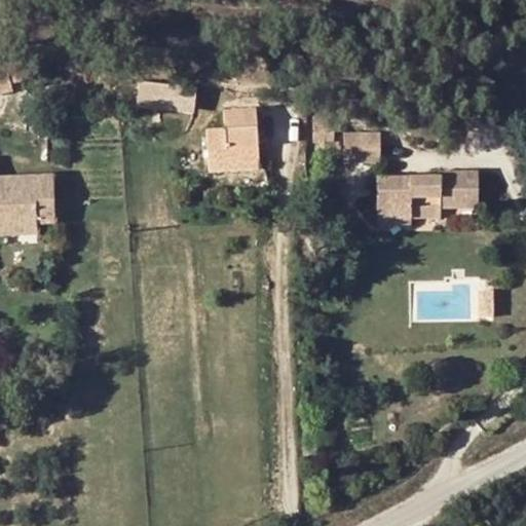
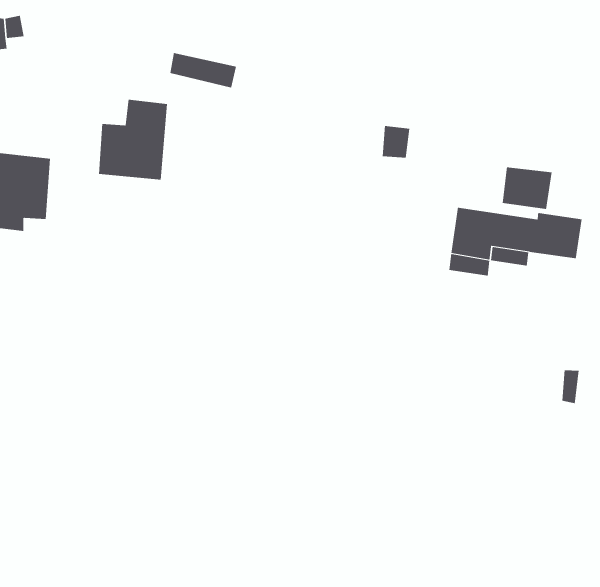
building: [204,108,257,170] -> [98,99,168,180]
building: [345,134,382,163] -> [502,167,553,210]

